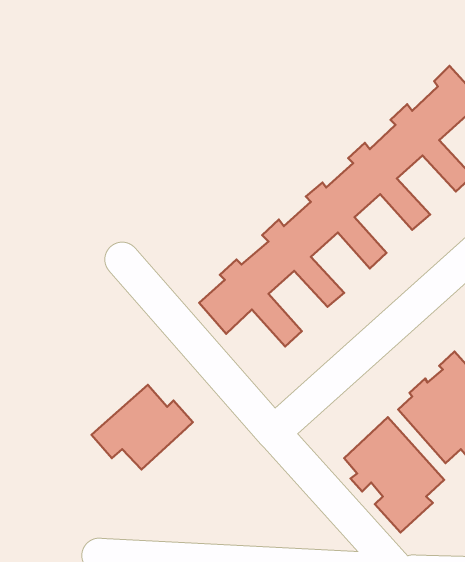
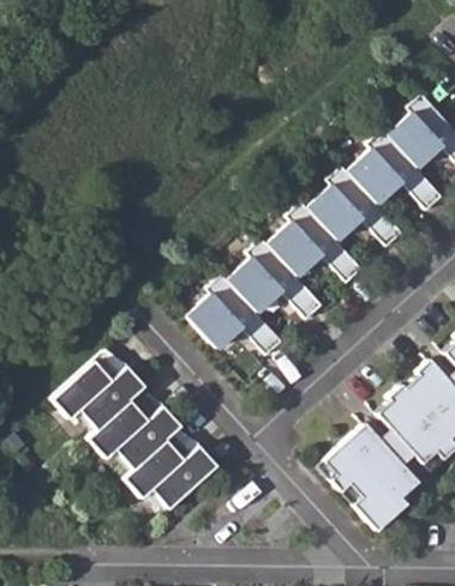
building: none -> [54,352,149,430]
building: none -> [127,433,222,511]

